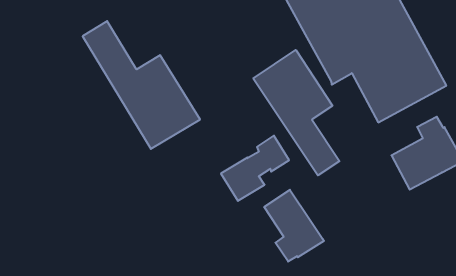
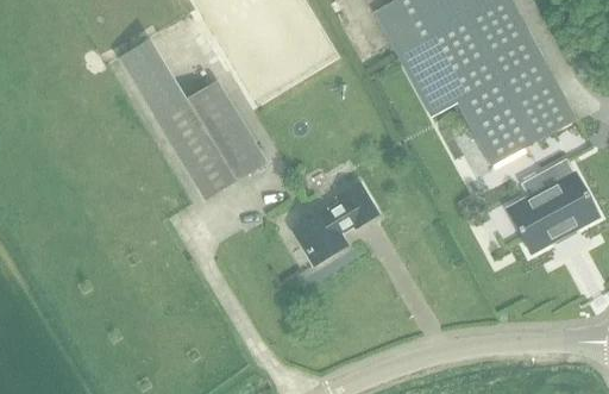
building: [253,50,339,175] -> none
building: [264,190,324,262] -> none

